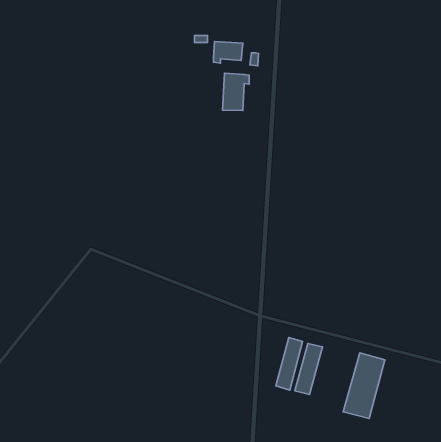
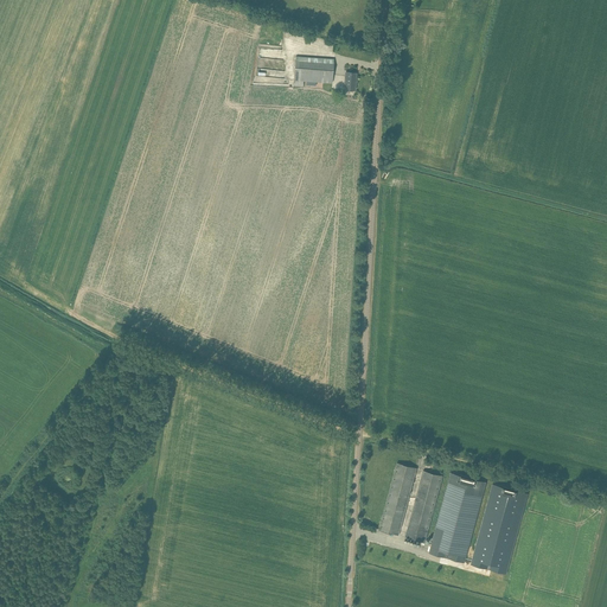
building: [222,73,249,110] -> none
building: none -> [428,472,485,563]

